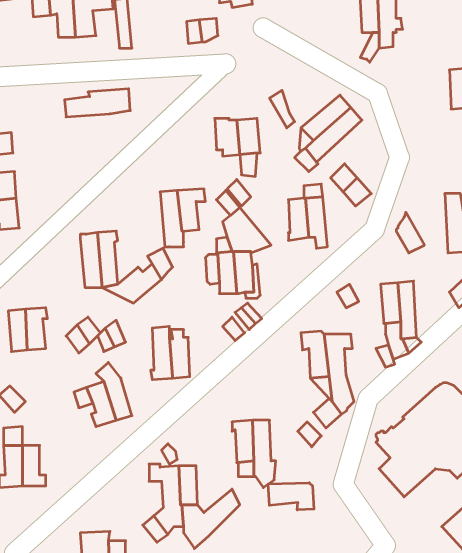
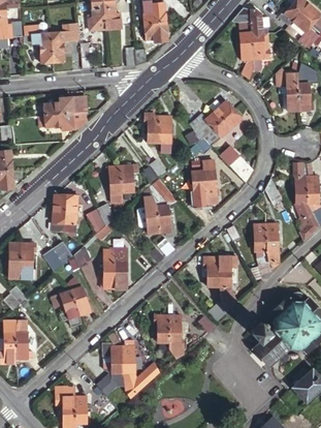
building: none -> [276,66,299,111]
building: none -> [45,111,87,129]
building: [268,483,314,510] -> none

